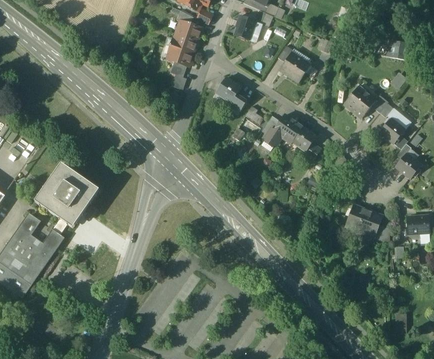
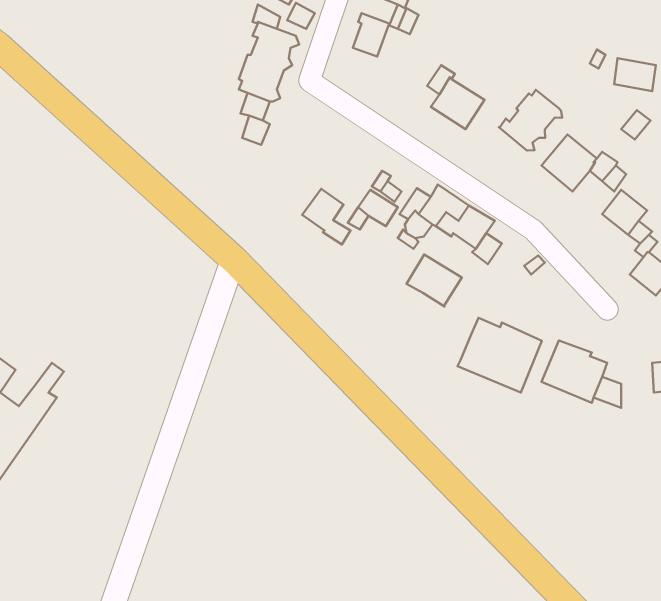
building: none -> [499,90,562,151]
building: [217,77,245,109] -> [302,189,351,244]
building: none -> [407,255,462,307]
building: [37,165,96,223] -> none
building: none -> [457,318,542,393]

